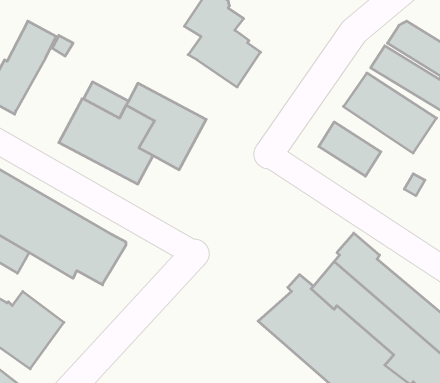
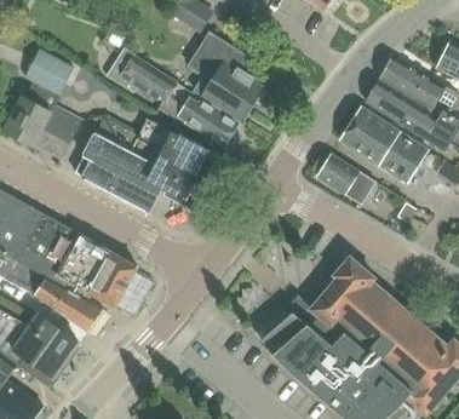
building: none -> [105,47,239,145]
building: none -> [34,93,81,157]
building: none -> [35,276,104,333]

